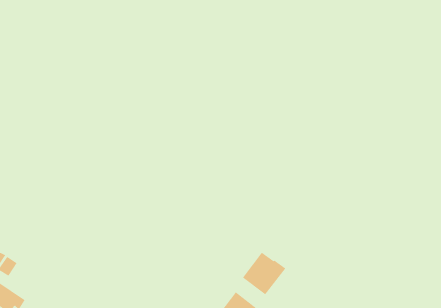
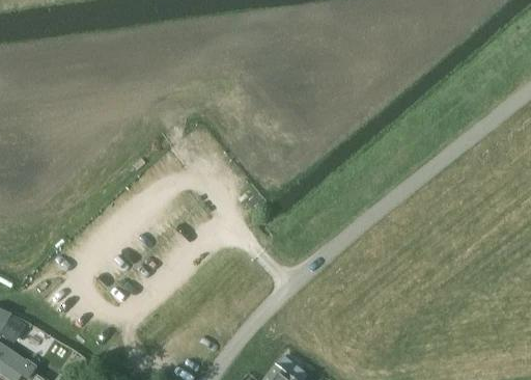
building: [242,252,286,295] -> none

